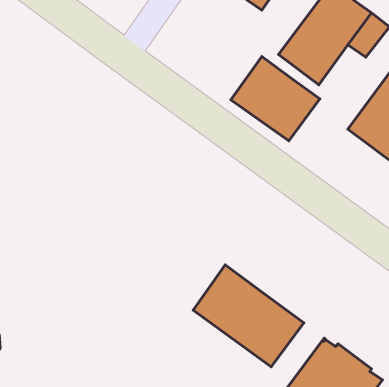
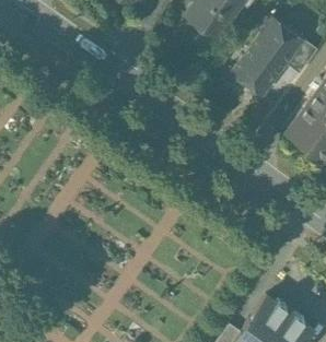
building: [231,56,320,141] -> none
building: [193,265,304,367] -> none

